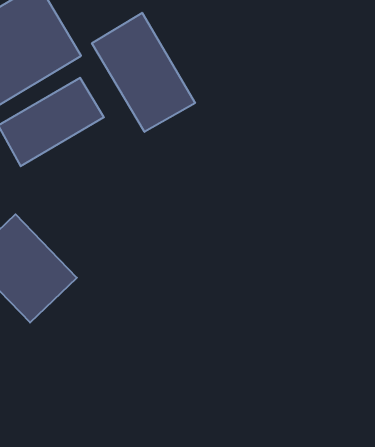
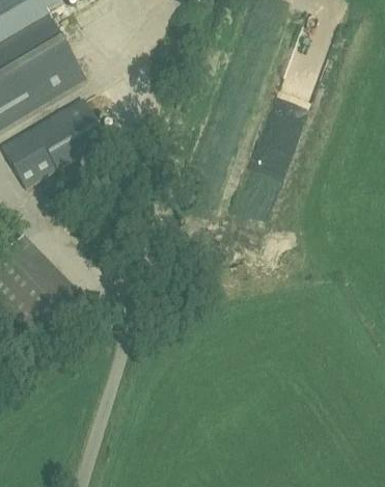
building: [92,13,195,132] -> none

